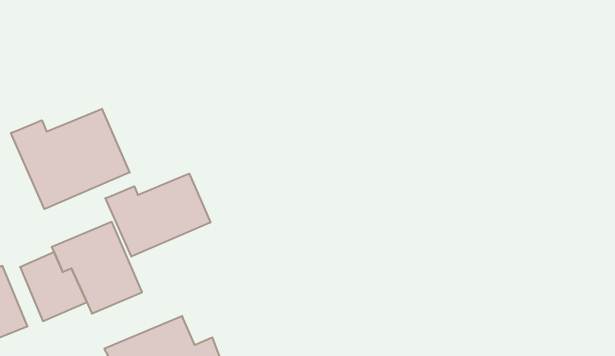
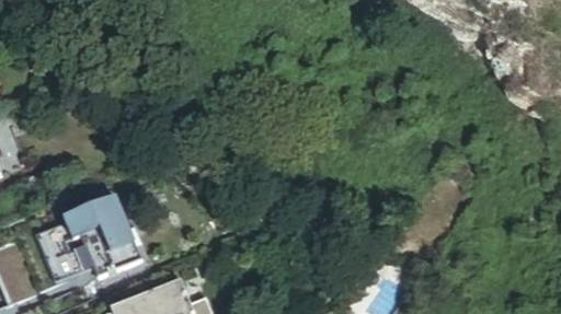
building: [11,109,130,209] -> none
building: [105,174,210,257] -> none

